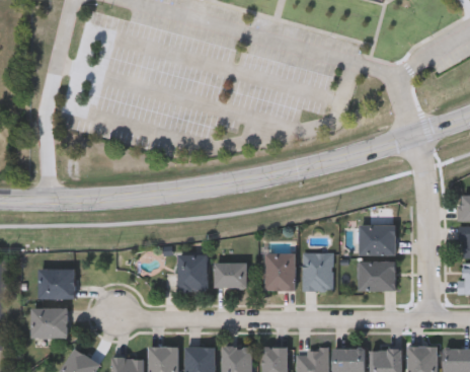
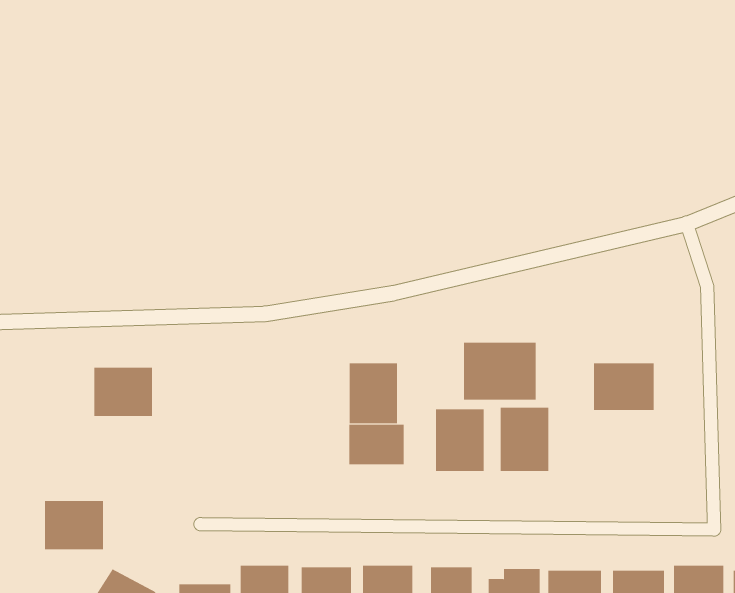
building: none -> [464,342,536,400]
building: [177,253,207,290] -> [349,363,398,424]
building: [359,261,395,290] -> none
building: [37,269,73,298] -> [93,367,153,417]

